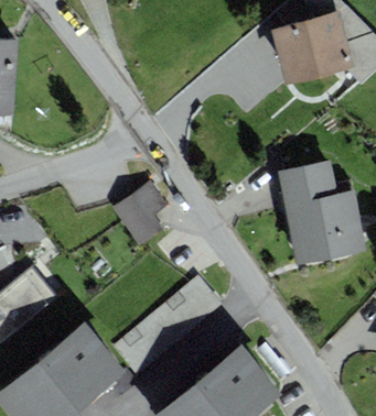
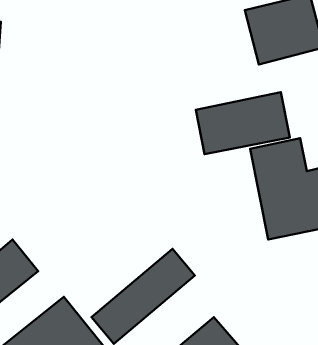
building: none -> [196,92,290,154]
building: [111,179,169,245] -> none

